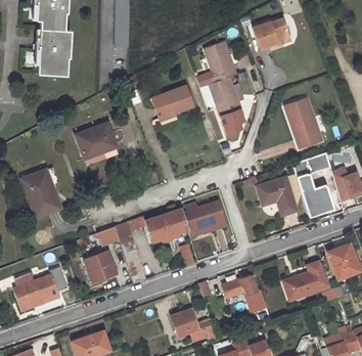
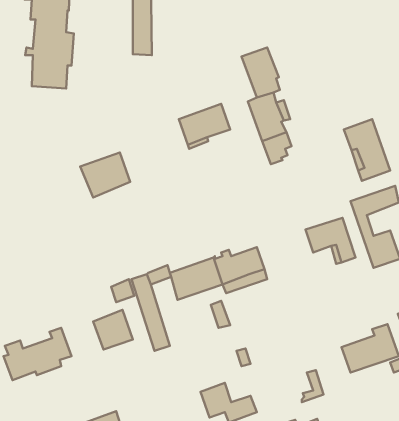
building: [253,17,289,47] -> none
building: [21,169,59,217] -> none
building: [224,275,257,298] -> none

